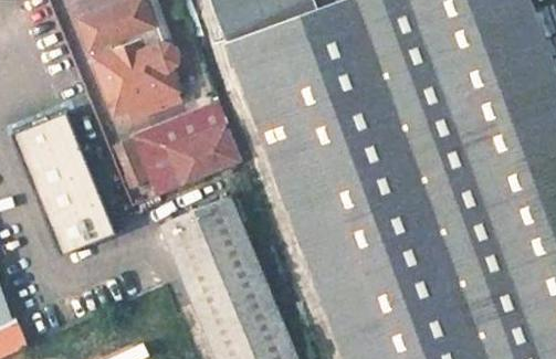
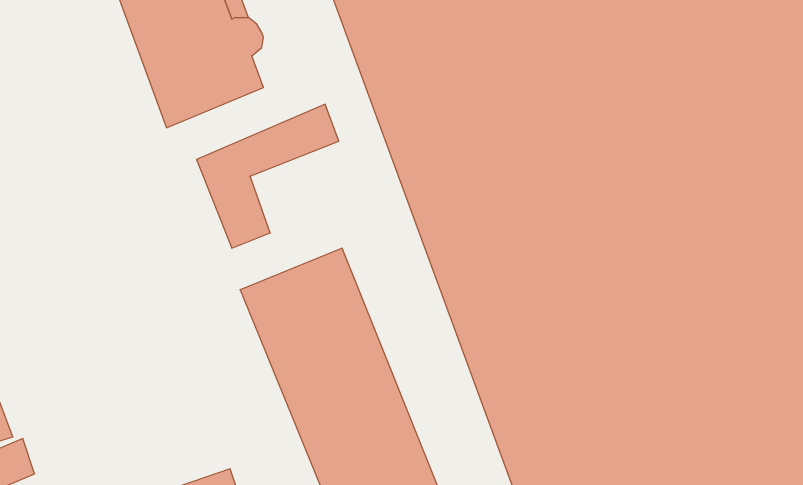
building: [15,115,118,254] -> none
building: [169,124,241,184] -> none

